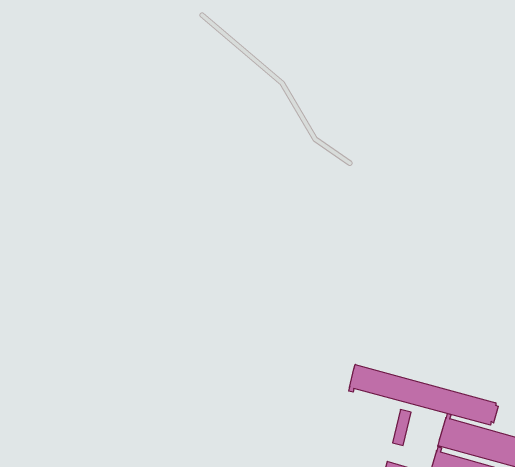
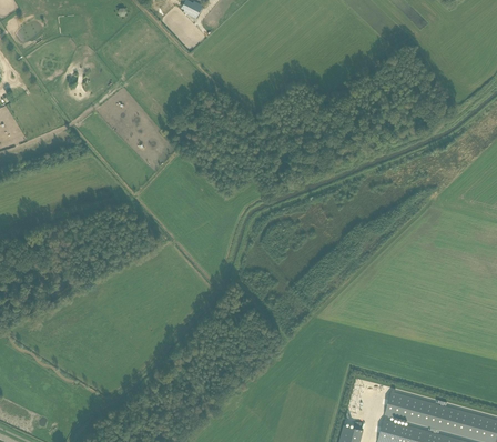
building: [349,364,498,425] -> none

